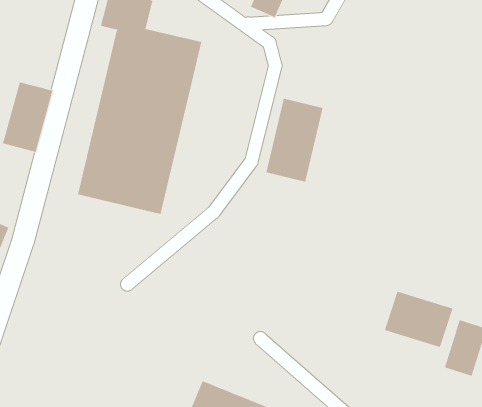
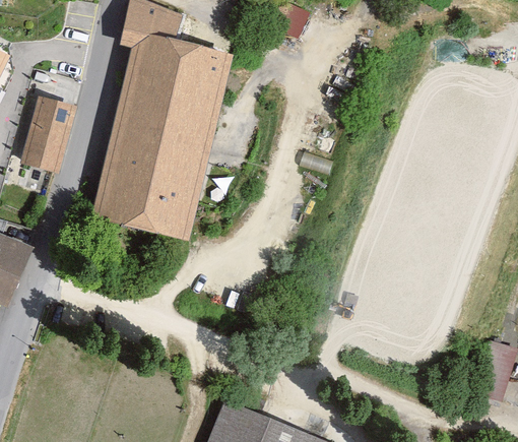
building: [266,98,323,183] -> none
building: [384,291,453,348] -> none

